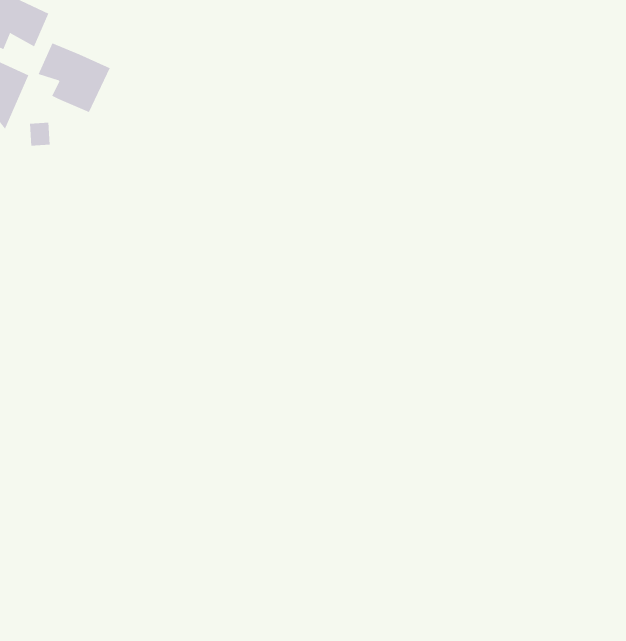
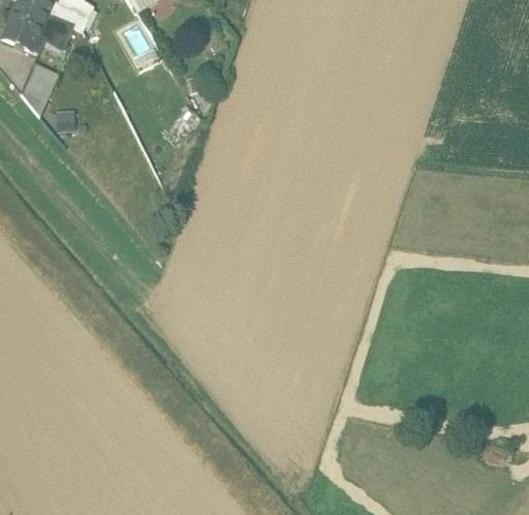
building: [38,43,111,113] -> none

